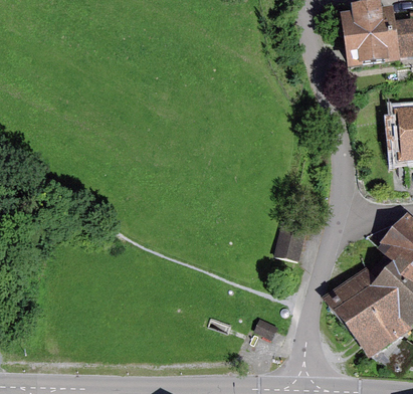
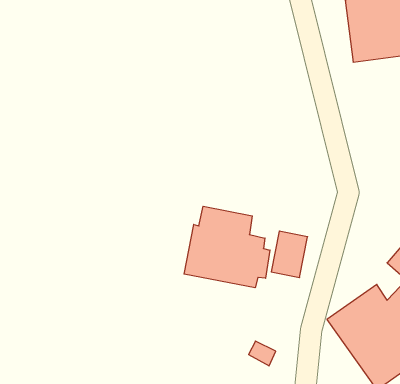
building: none -> [184,206,270,288]

